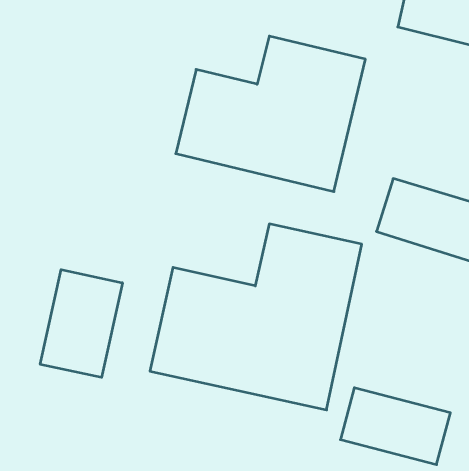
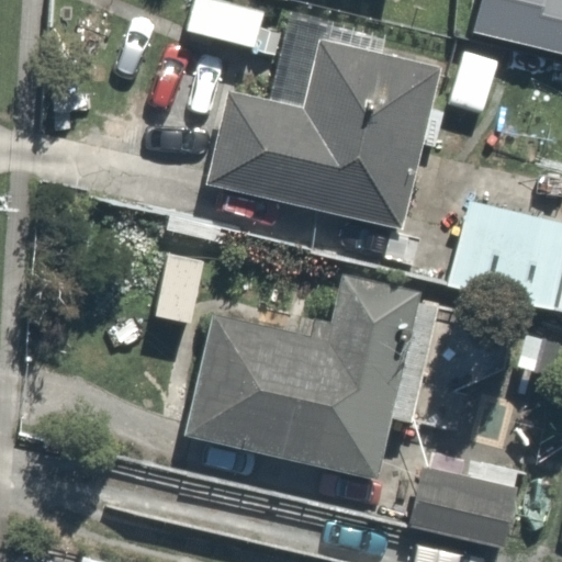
building: [40,270,122,377] -> none

